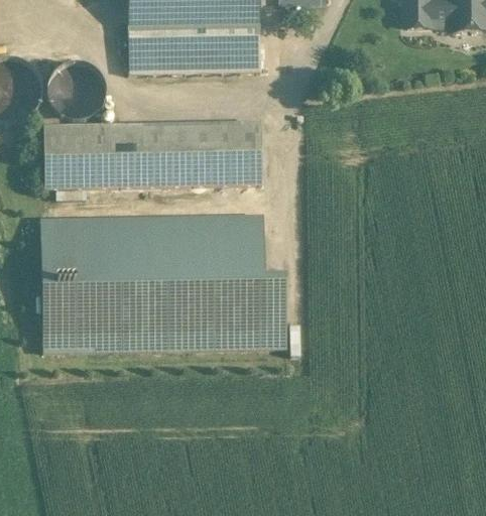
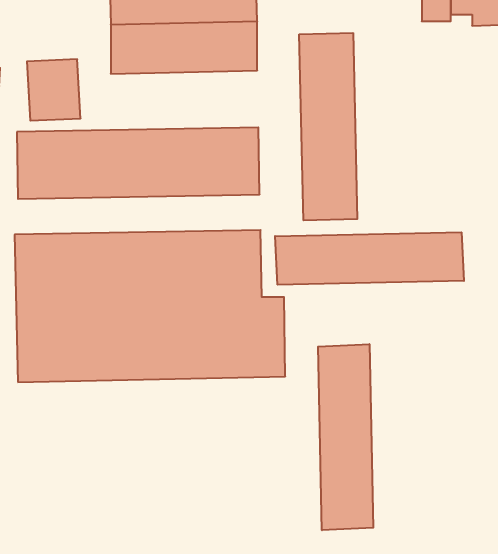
building: none -> [299,33,357,220]
building: none -> [275,232,464,285]
building: none -> [318,344,373,530]

